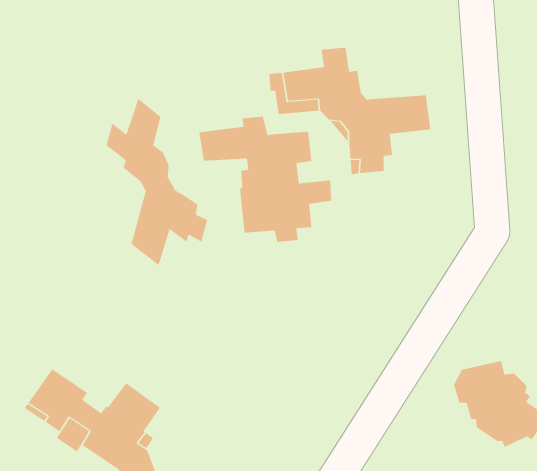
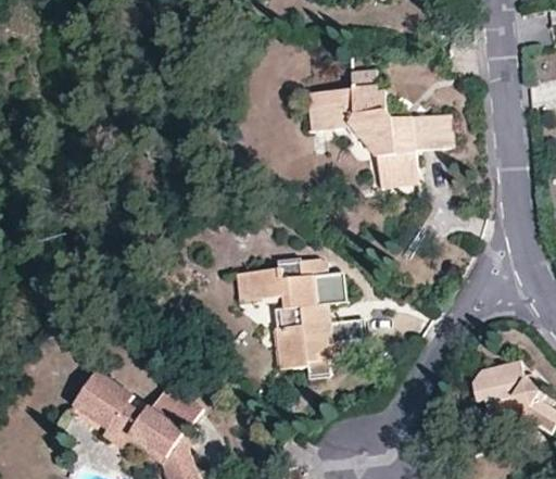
building: [106,98,208,266] -> none
building: [199,116,332,242] -> [237,259,362,377]

